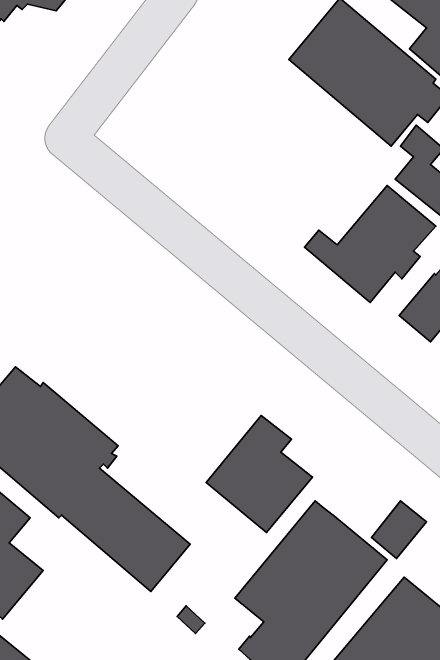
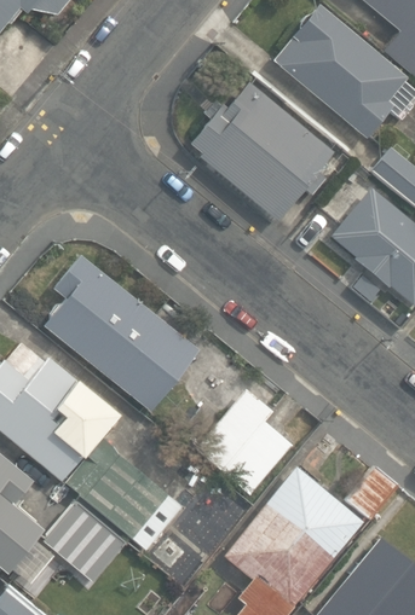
building: none -> [190,81,335,220]
building: none -> [42,254,201,412]
building: none -> [42,500,126,581]

